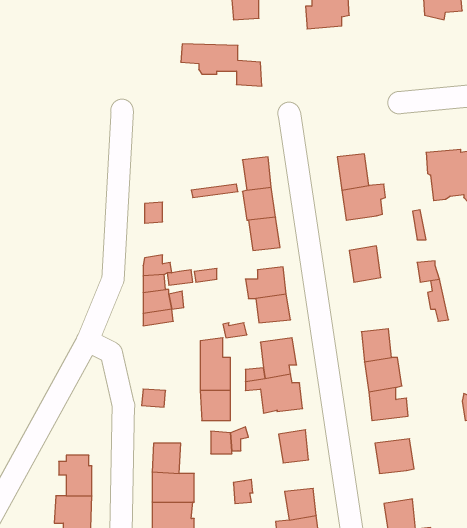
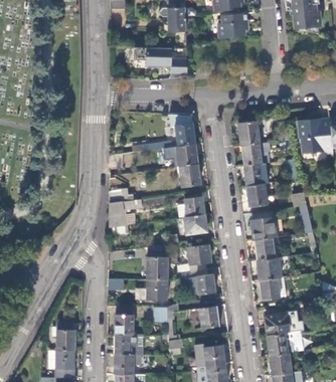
building: none -> [244,163,268,186]
building: none -> [251,218,276,240]
building: none -> [267,331,303,355]

